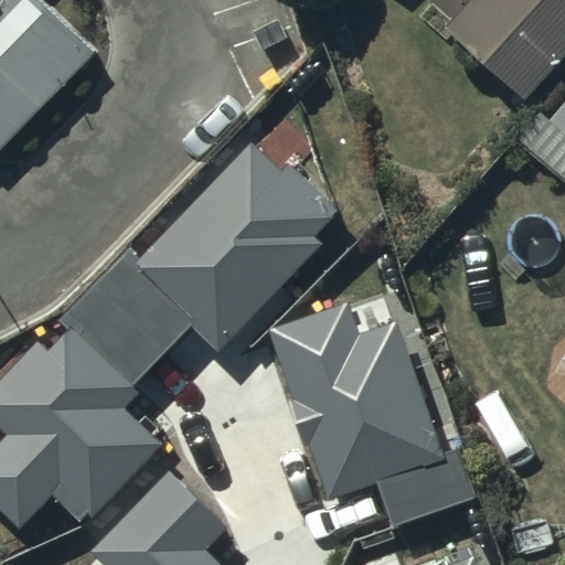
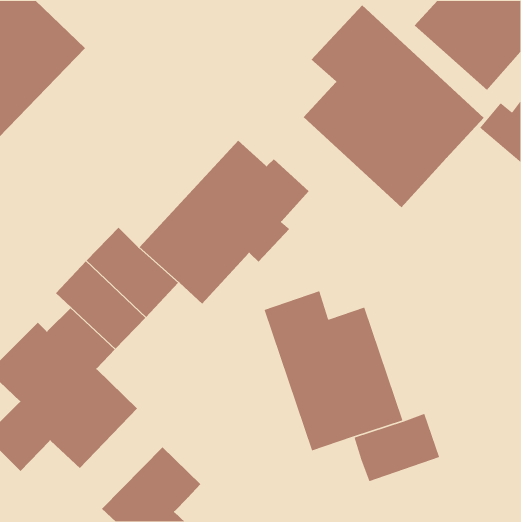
building: none -> [303,5,485,208]

